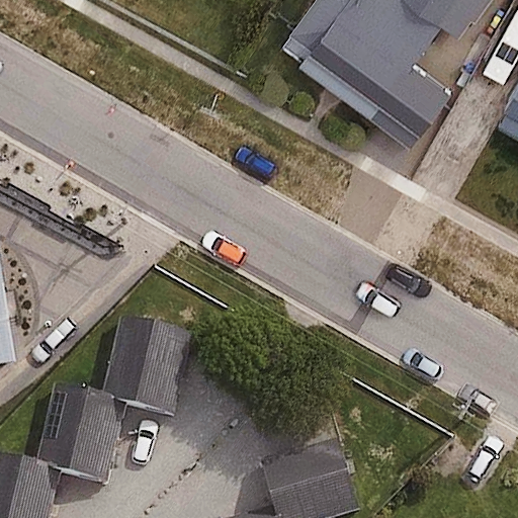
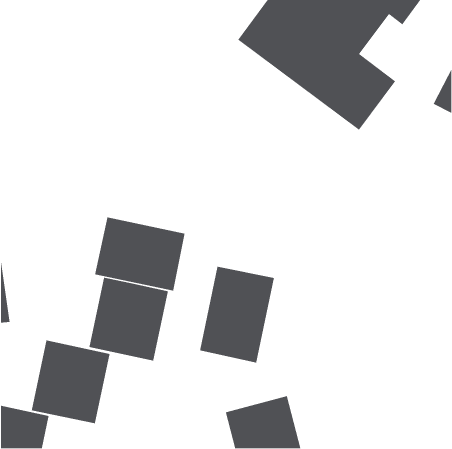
building: none -> [94,217,186,292]
building: none -> [199,266,275,363]

